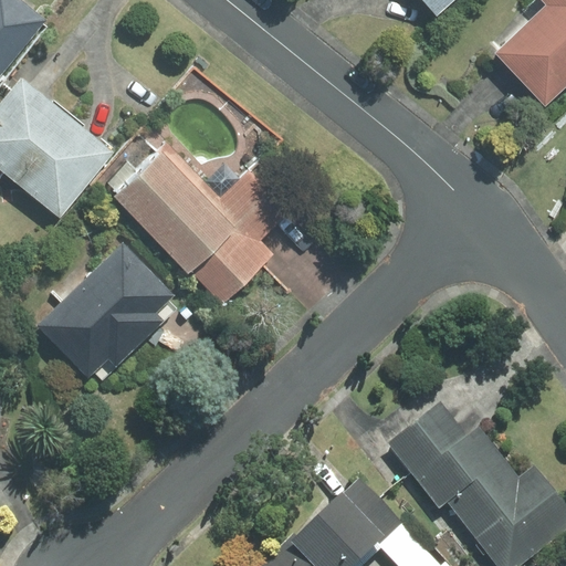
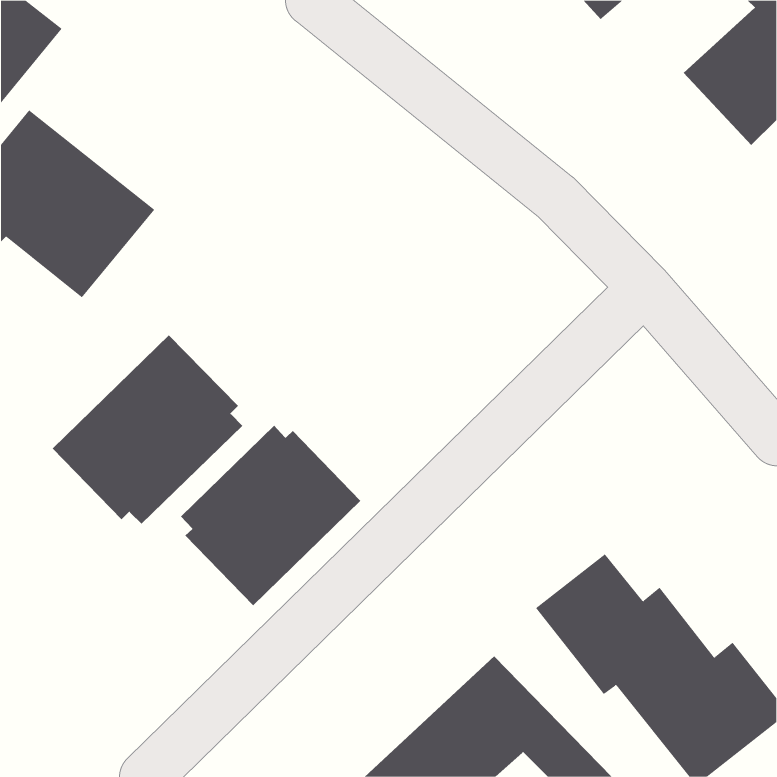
building: [115,145,289,302] -> none
building: none -> [180,425,361,606]

